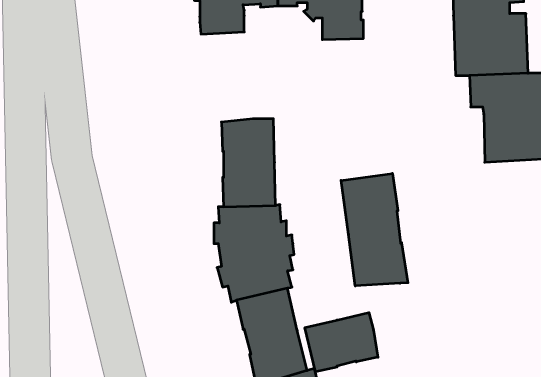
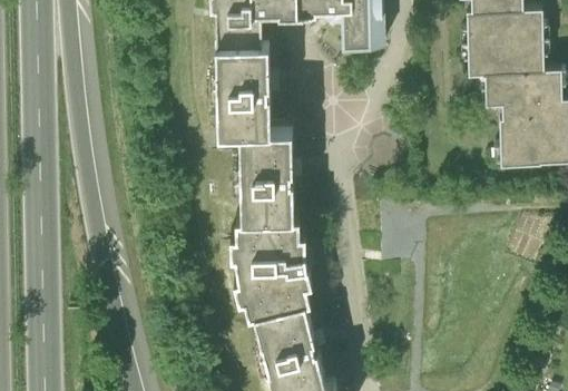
building: none -> [212,36,275,128]
building: [341,173,408,286] -> none
building: [305,313,378,372] -> none

